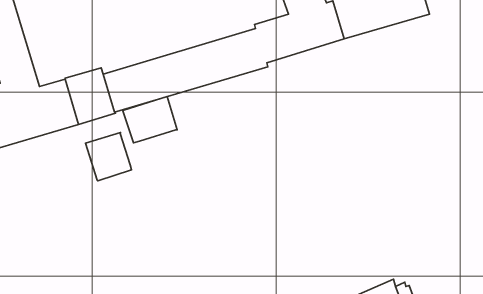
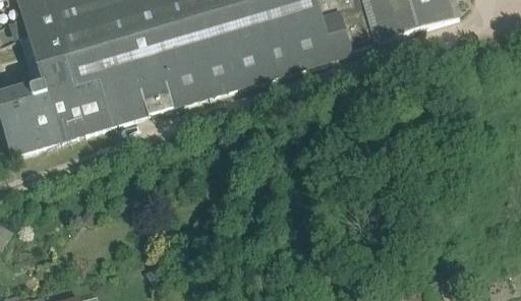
building: [123,97,177,143] -> none
building: [86,132,131,181] -> none

